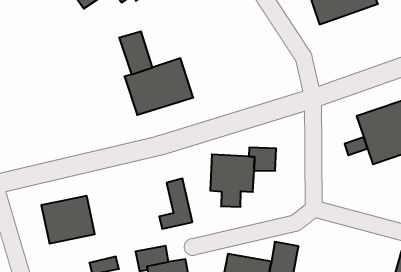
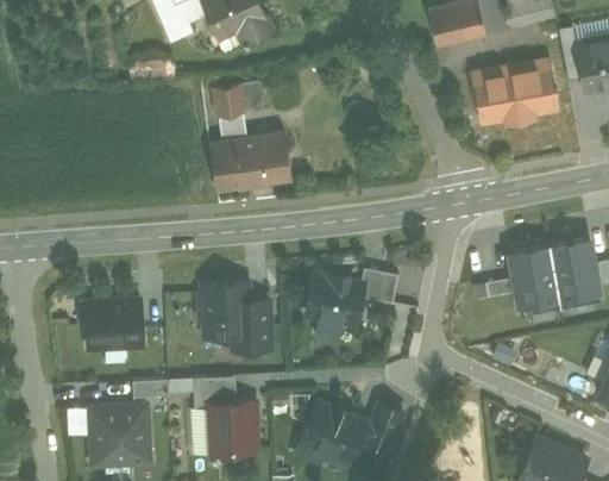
building: none -> [197,277,250,339]

